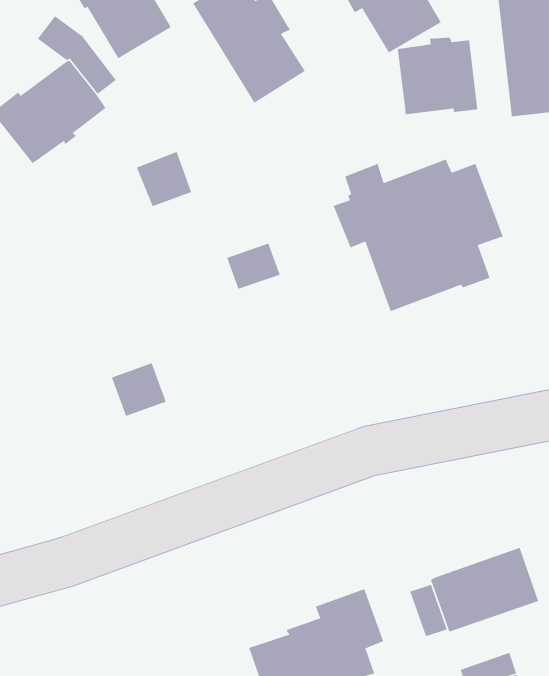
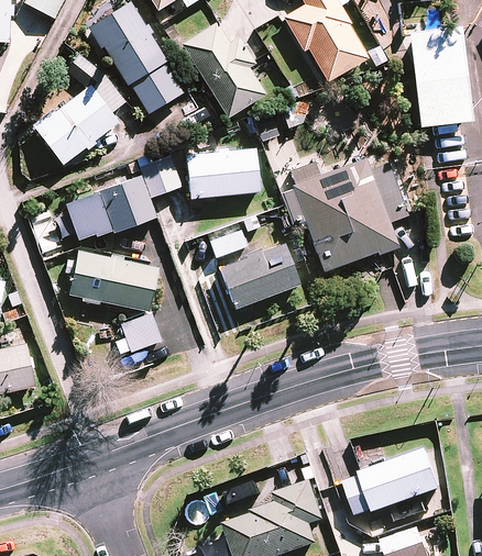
building: none -> [130,63,184,114]
building: [397,37,478,115] -> none
building: none -> [185,146,260,198]
building: none -> [64,175,157,240]
building: none -> [219,243,299,308]
building: none -> [65,249,157,310]

